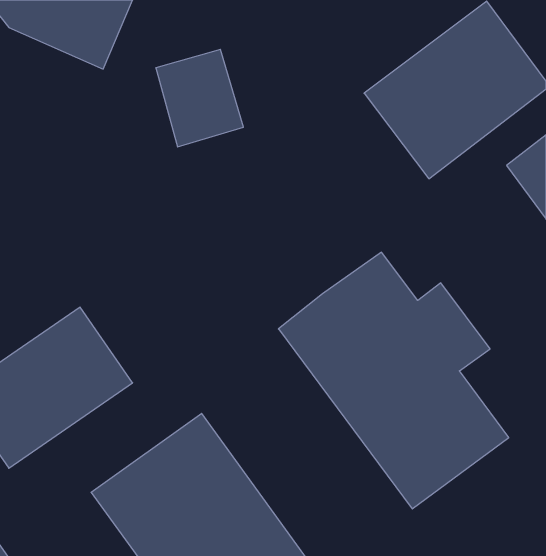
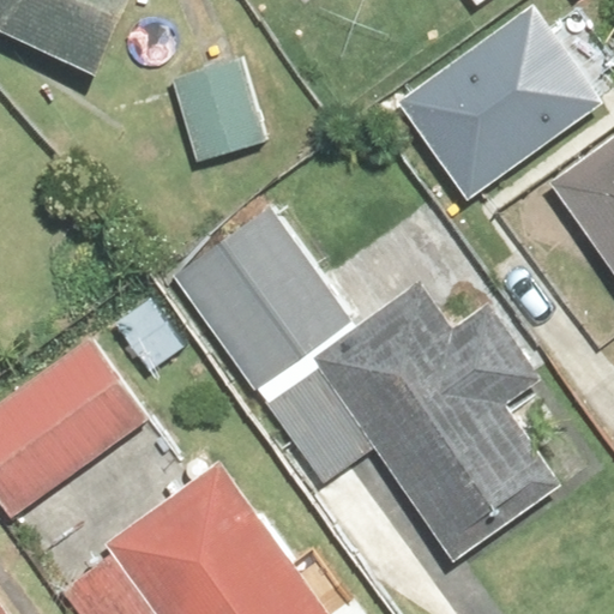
building: none -> [180,206,353,387]

